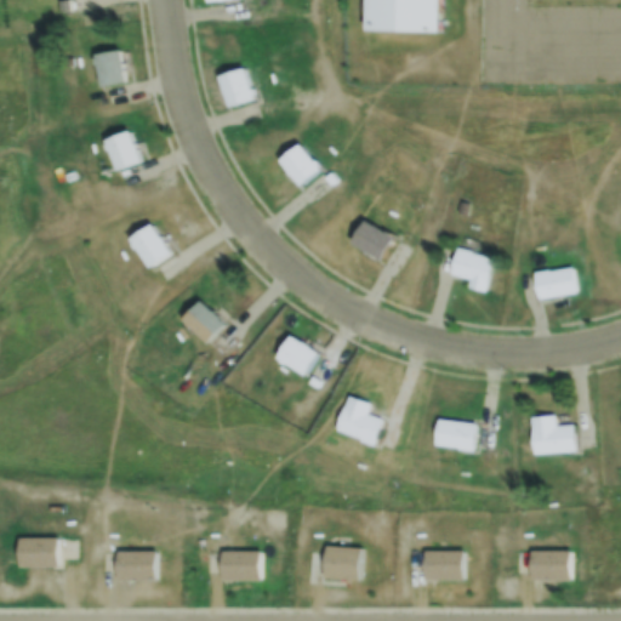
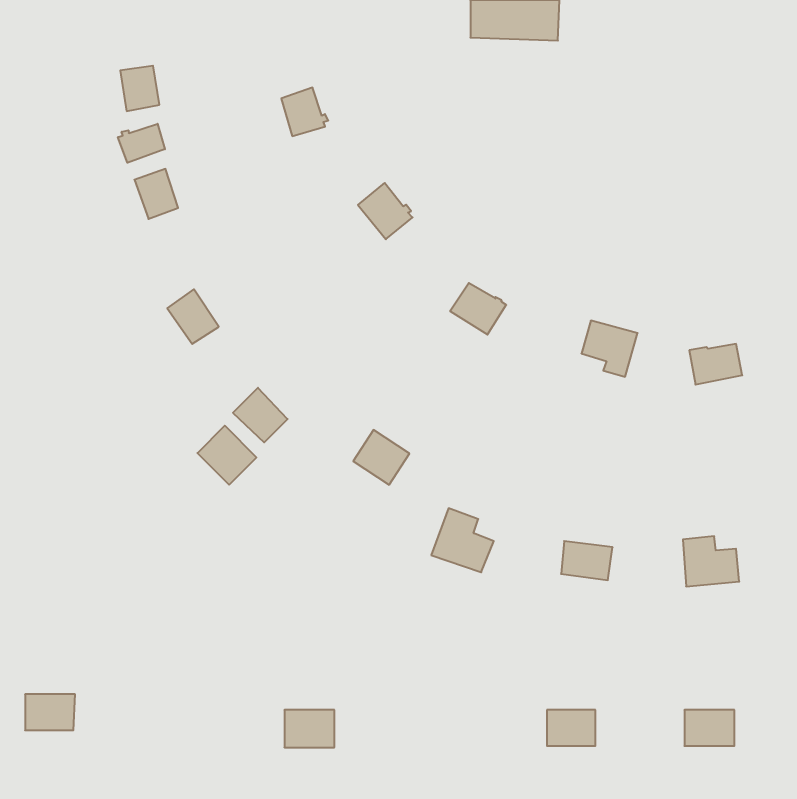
building: none -> [118,124,165,163]
building: none -> [197,426,256,485]
building: [323,546,361,580] -> none
building: [116,551,155,579] -> none

